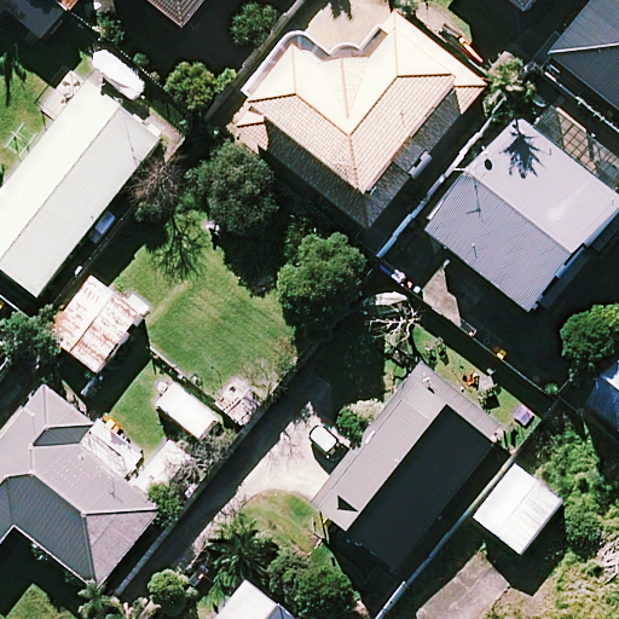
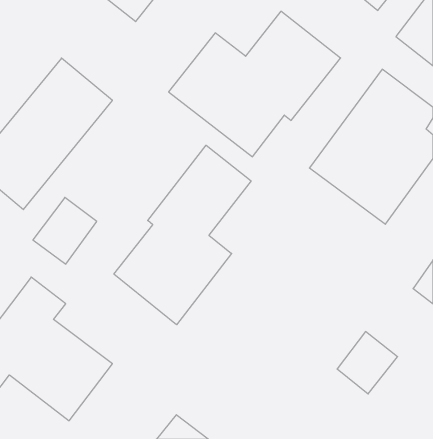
building: none -> [114,145,251,325]
building: [311,372,492,565] -> none

